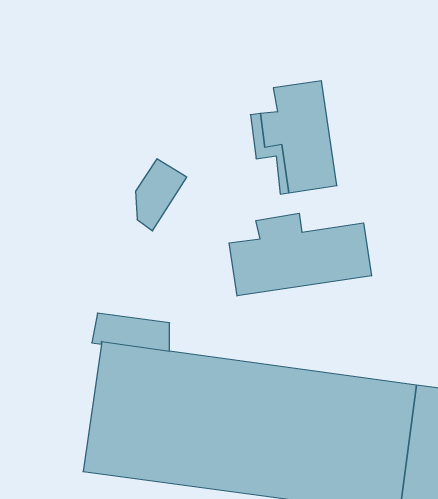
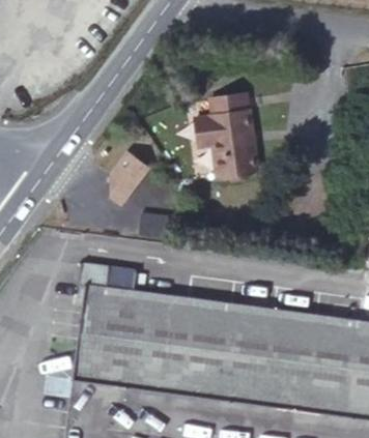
building: [229,213,371,296] -> none

